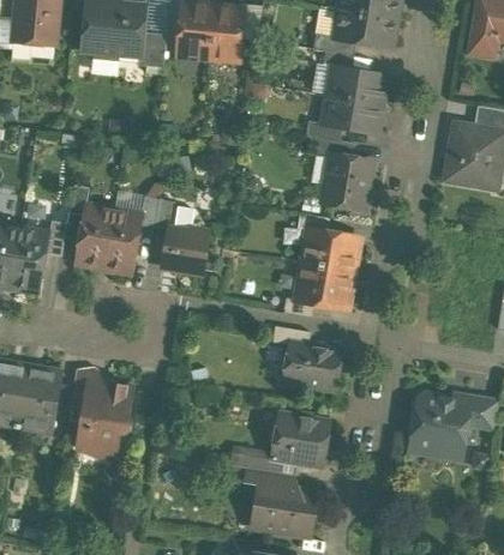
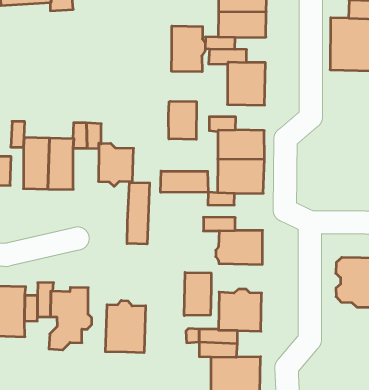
building: none -> [171,26,205,72]
building: none -> [168,101,196,139]
building: none -> [161,171,208,193]
building: none -> [127,182,150,244]
building: none -> [184,272,211,316]
building: none -> [105,300,146,353]

